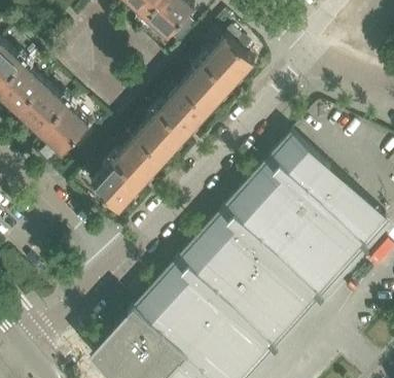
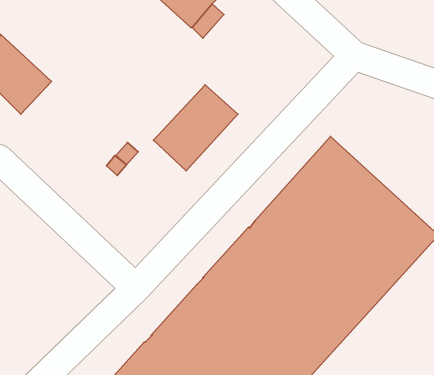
building: [180,38,254,114] -> none
building: [19,85,88,154] -> none
building: [91,137,164,212] -> none

